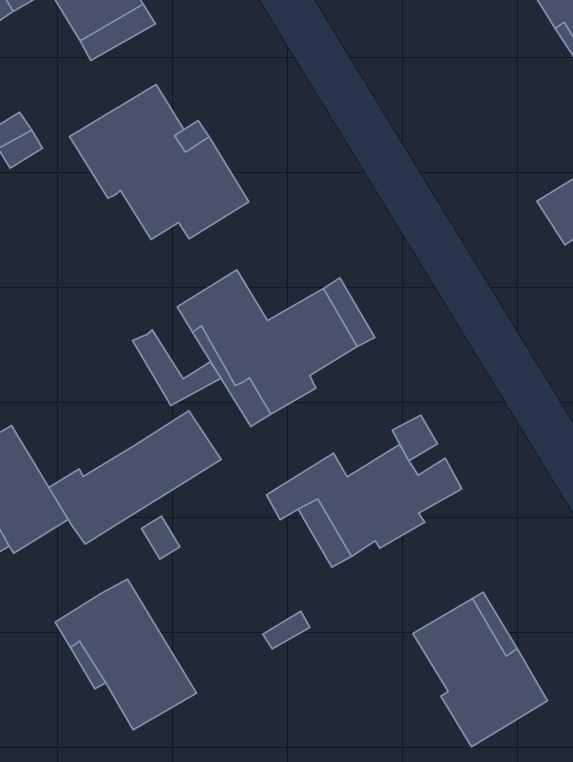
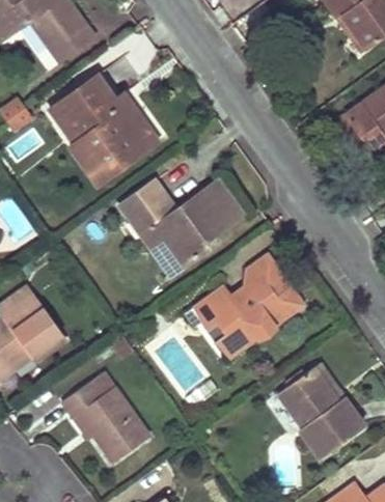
building: [133,330,221,405] -> [71,138,126,183]
building: [49,411,221,544] -> none

